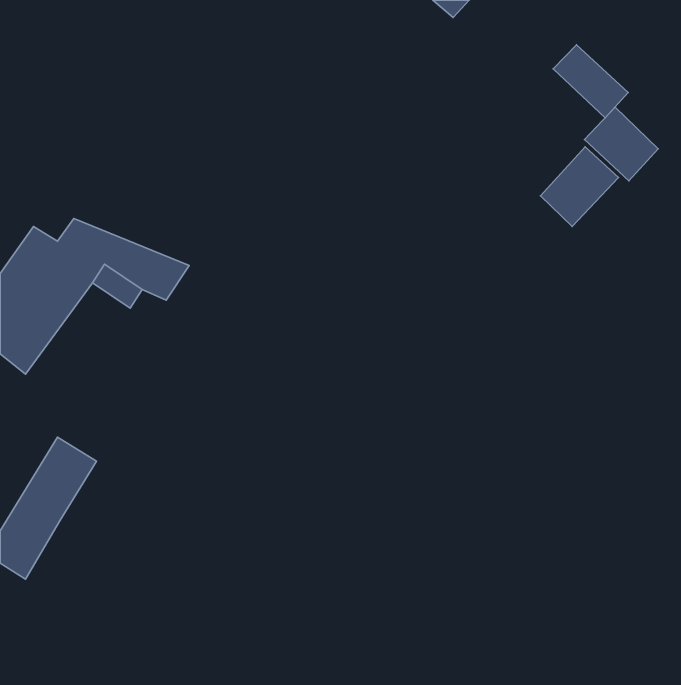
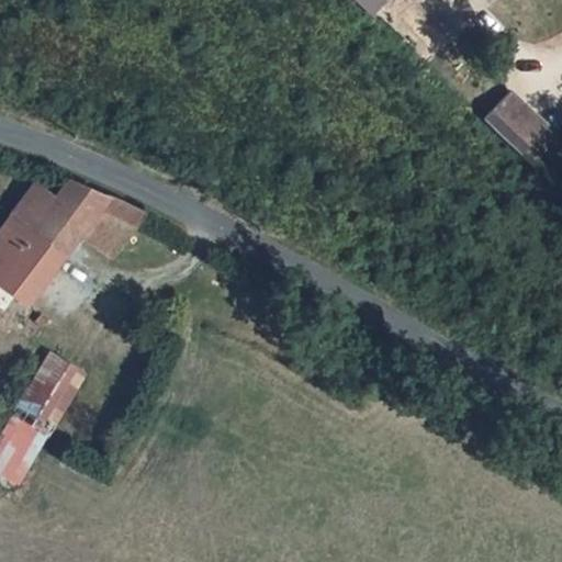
building: [553,45,628,118] -> none
building: [540,147,618,226] -> none

